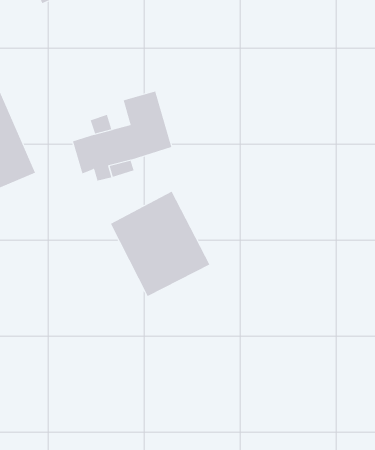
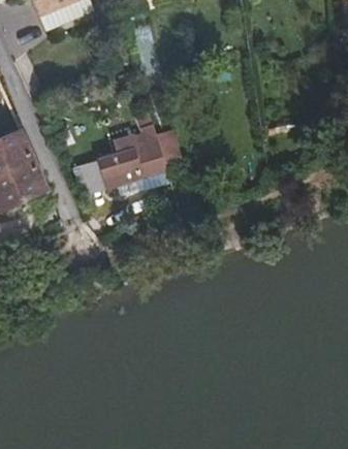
building: [110,191,210,297] -> none

